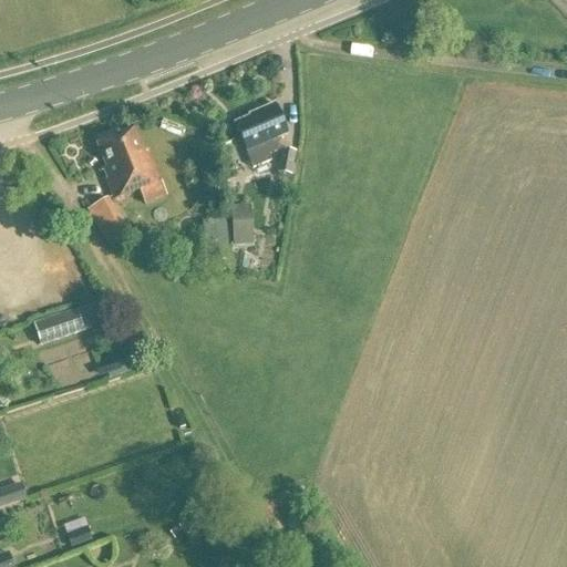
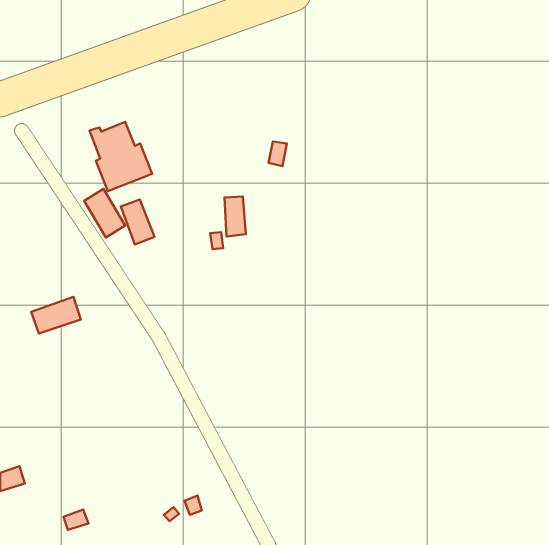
building: [236,101,287,164] -> none
building: none -> [121,199,154,245]

